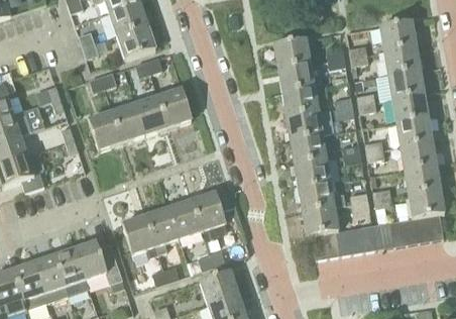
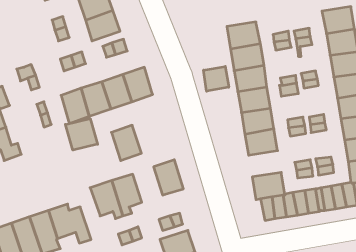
building: none -> [204,66,229,91]
building: none -> [65,119,98,150]
building: [299,182,346,211] -> none
building: [169,200,203,239] -> [111,125,141,161]

